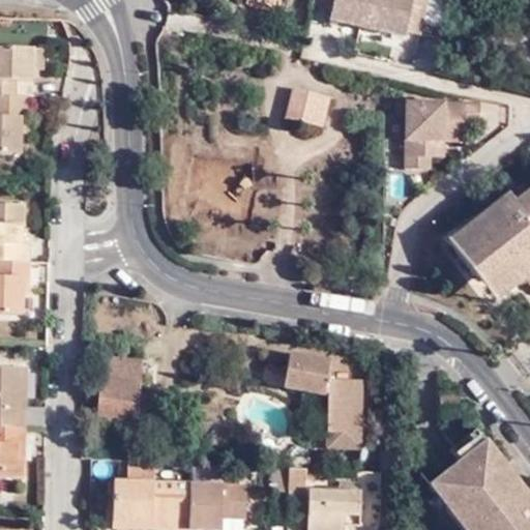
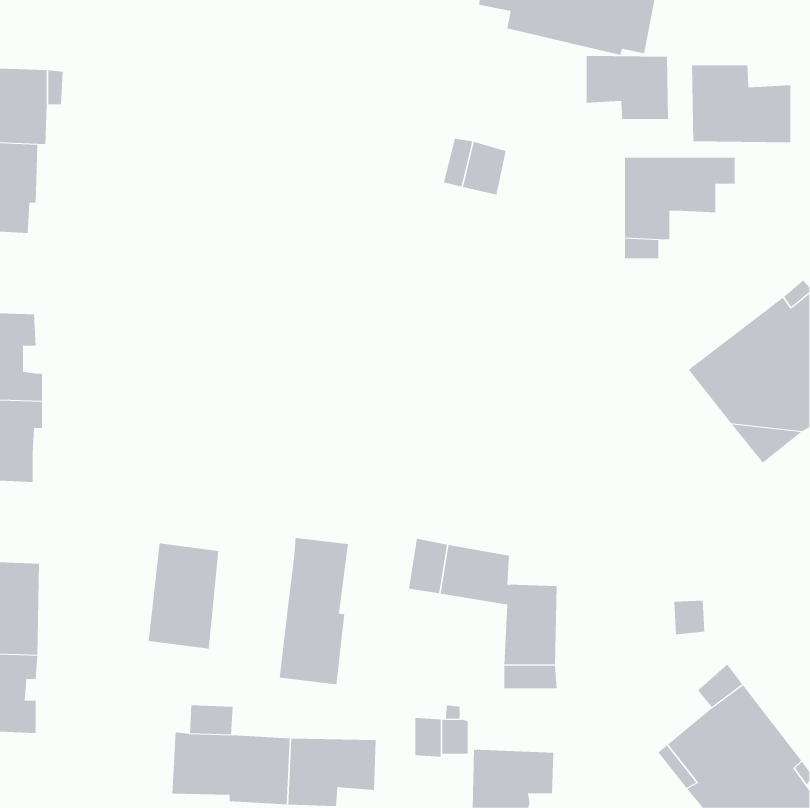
building: none -> [586,55,669,120]
building: none -> [692,65,791,143]
building: none -> [279,537,349,685]

